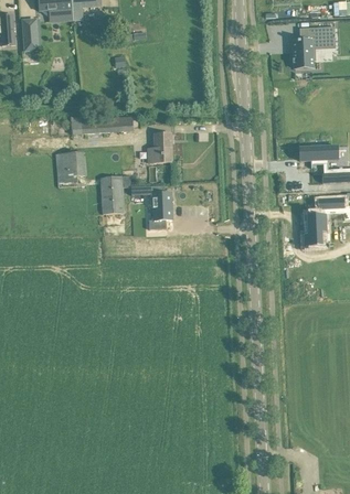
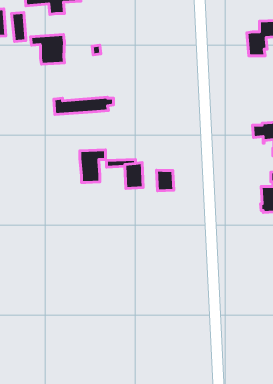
building: none -> [31,34,65,64]
building: [146,132,171,162] -> none
building: [55,151,87,185] -> none
building: none -> [156,170,174,191]

